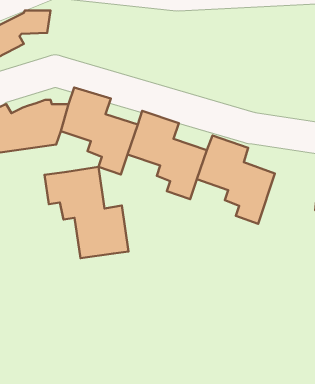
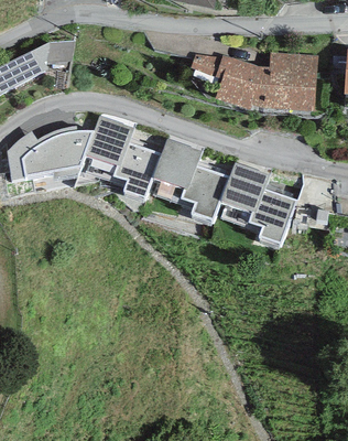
building: none -> [192,52,316,115]
building: [45,167,128,258] -> none

